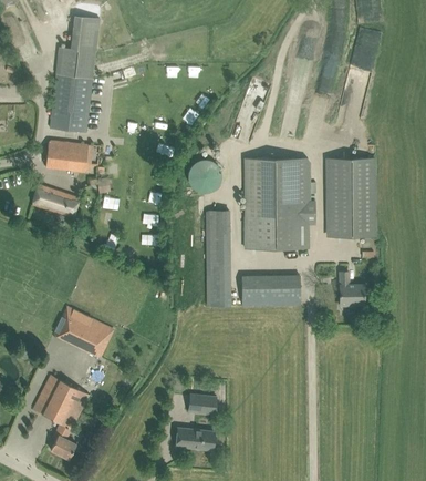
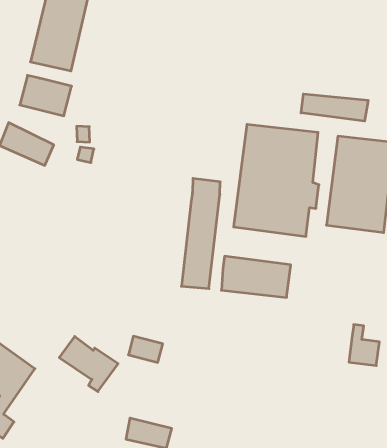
building: none -> [301,94,368,121]
building: [187,160,219,193] -> none
building: [340,273,364,306] -> [349,325,379,366]
building: [62,313,114,358] -> [59,336,118,392]
building: [188,395,217,415] -> [128,336,163,362]

